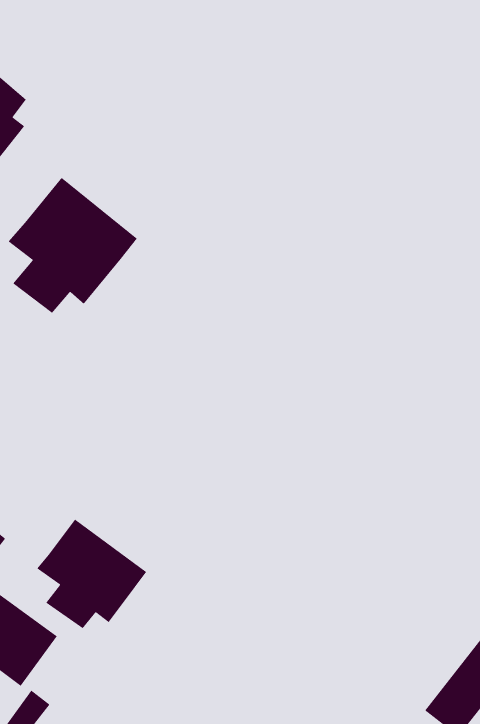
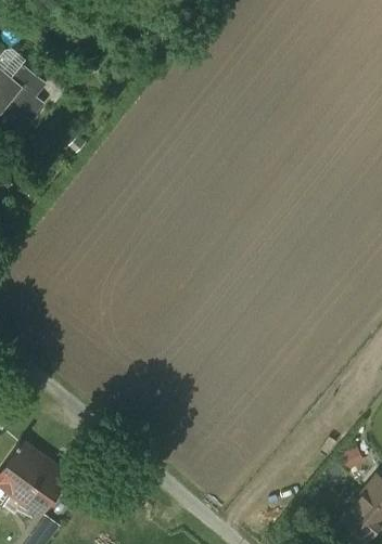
building: [7,177,138,314] -> none
building: [36,519,147,629] -> none

